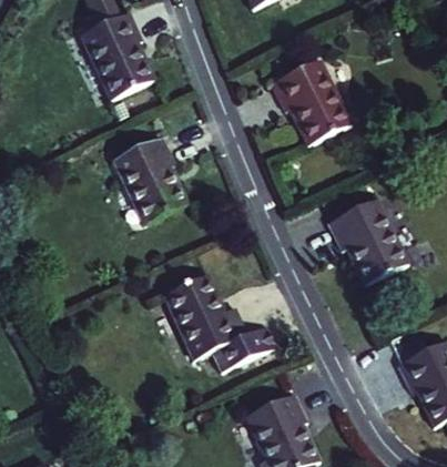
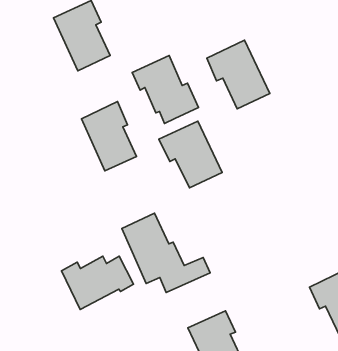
building: none -> [132,55,199,124]
building: [327,200,405,282] -> [159,121,222,188]
building: none -> [61,256,133,310]

